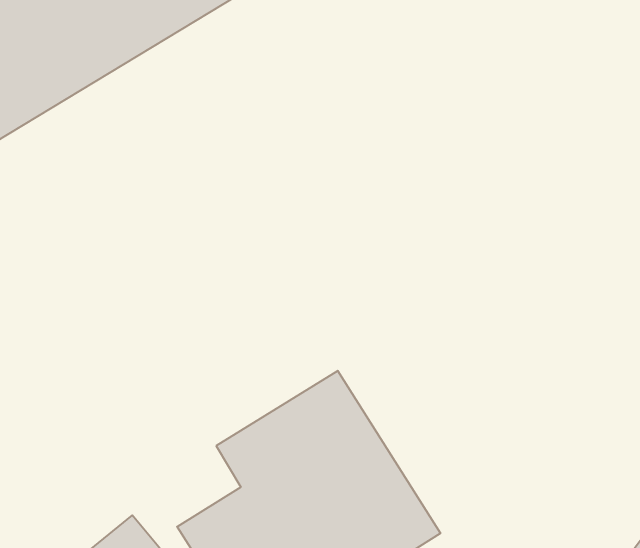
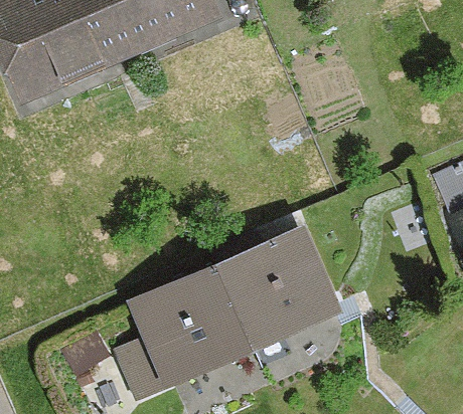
building: none -> [222,226,348,368]

